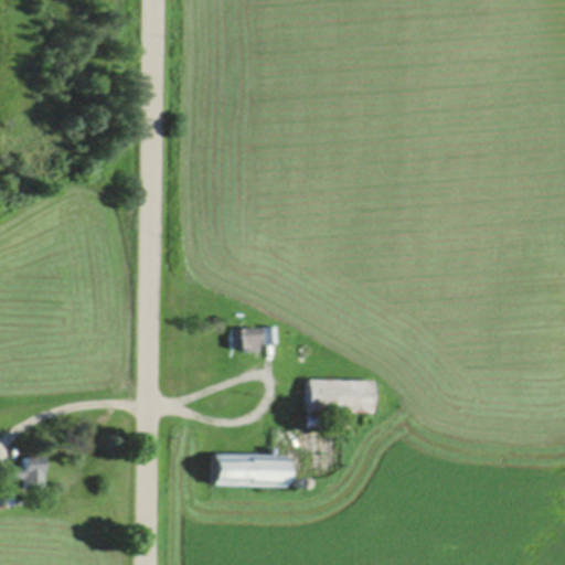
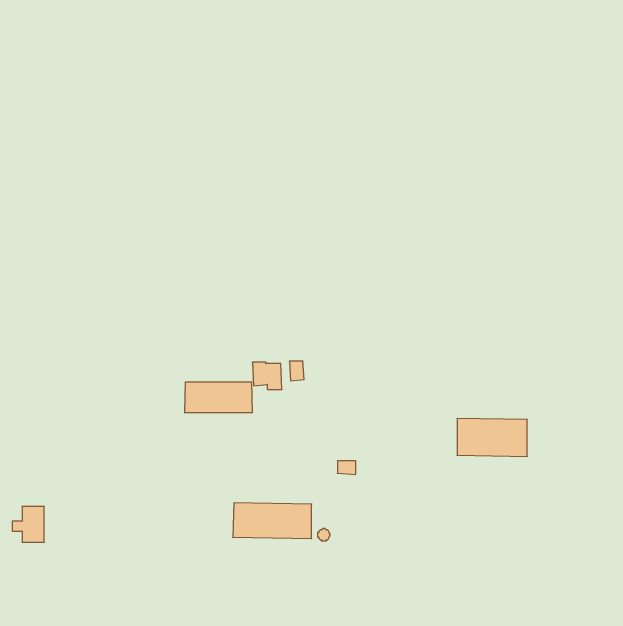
building: none -> [185,382,252,413]
building: [309,379,372,413] -> [457,418,527,457]

